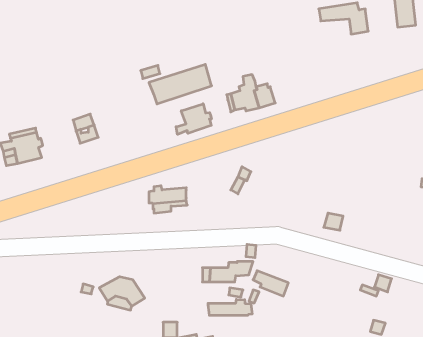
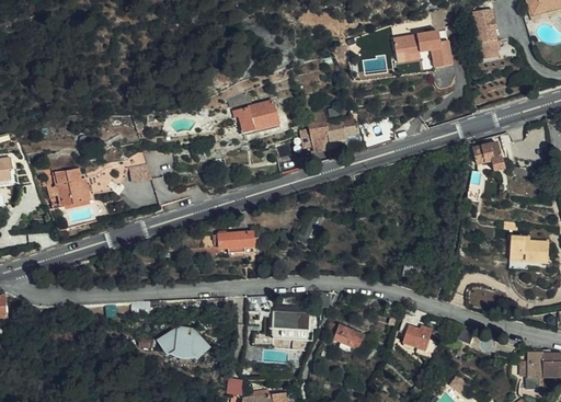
building: [176,104,211,134] -> none
building: none -> [473,141,504,170]
building: none -> [400,313,433,349]
building: [208,299,252,315] -> none

